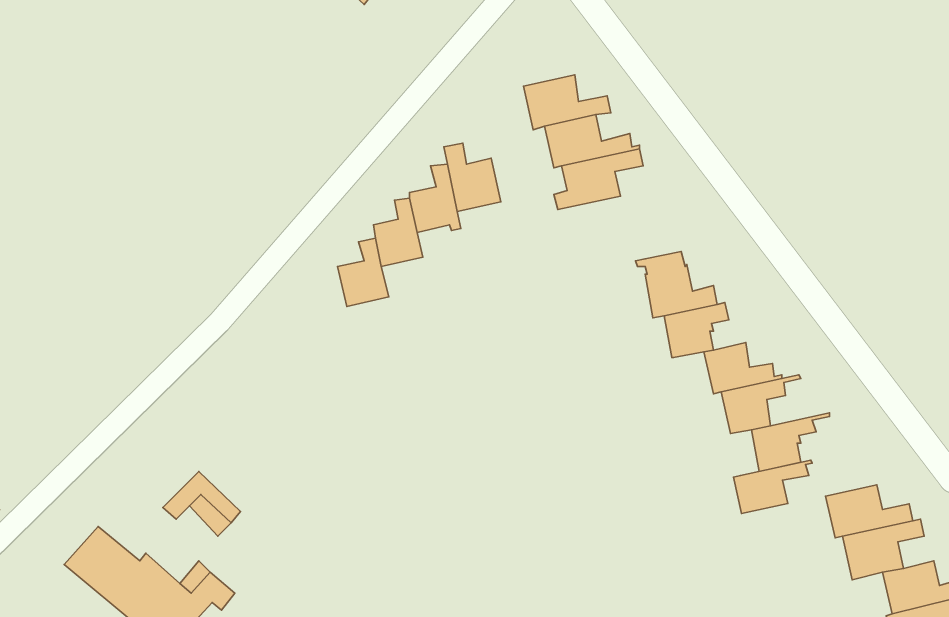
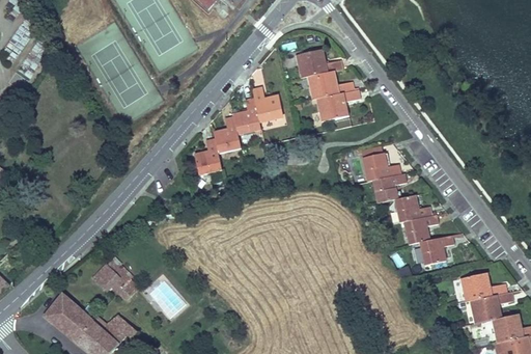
building: [734,460,812,514] -> none

